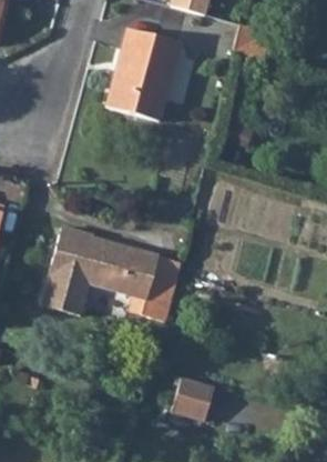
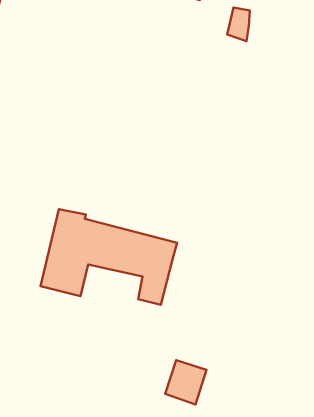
building: [112,28,184,120] -> none

